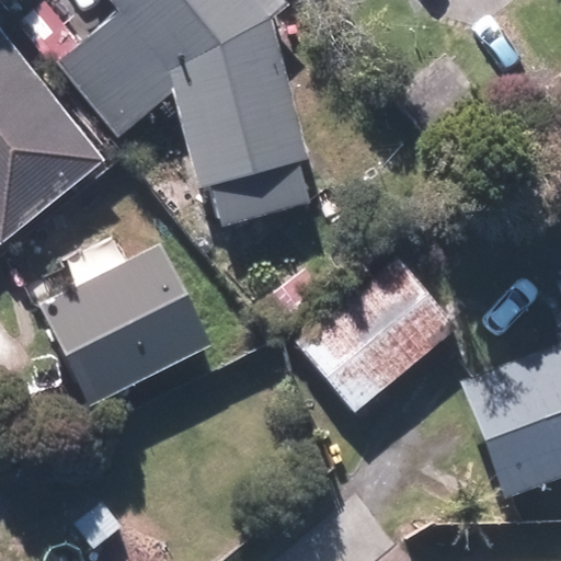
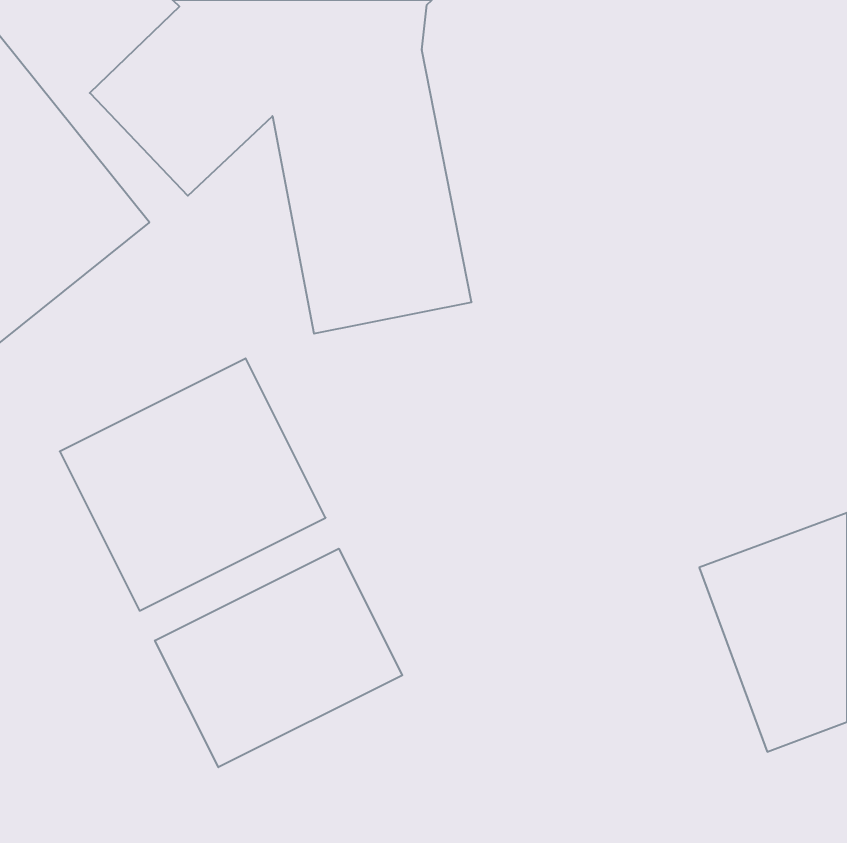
building: [296,257,455,415] -> none
building: none -> [155,549,402,767]

